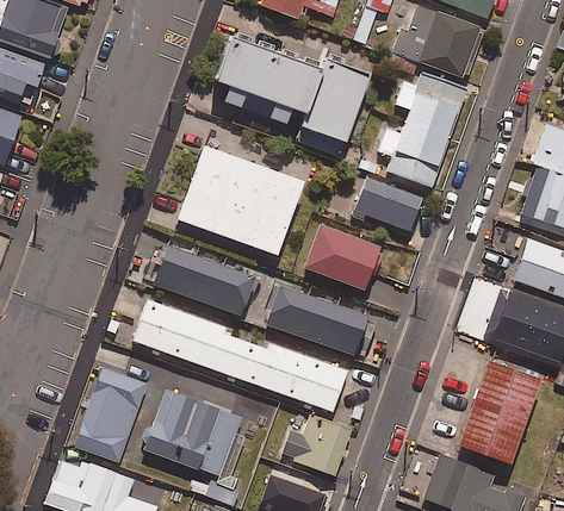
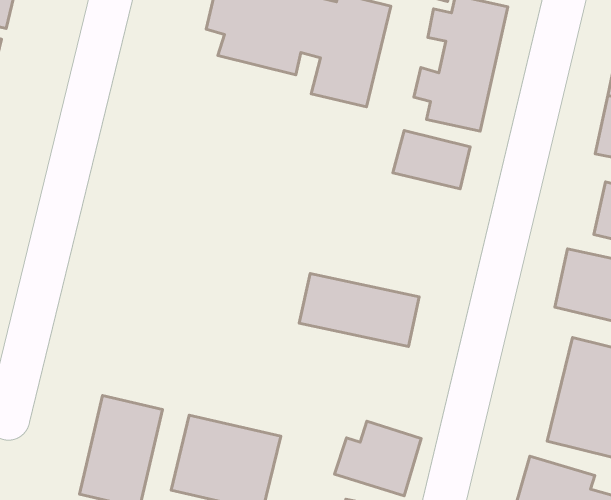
building: [178,144,303,254] -> none
building: [304,223,379,288] -> none
building: [154,245,255,314] -> none
building: [134,300,347,411] -> none

